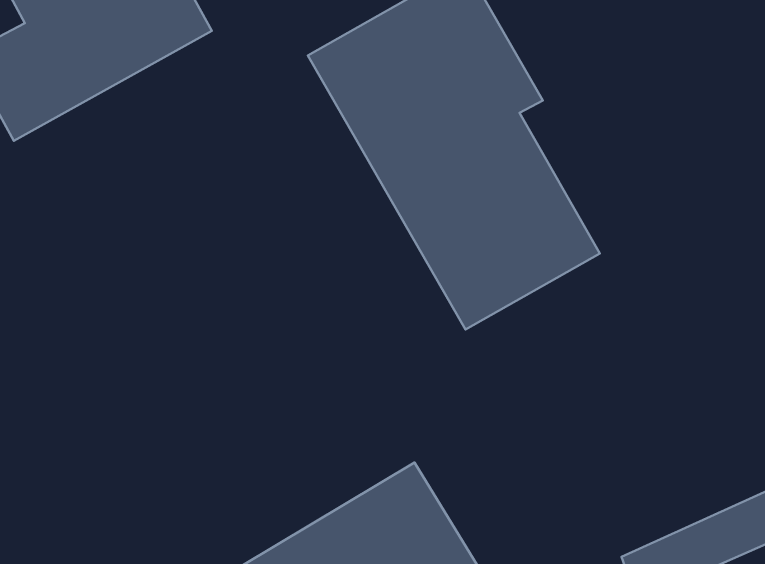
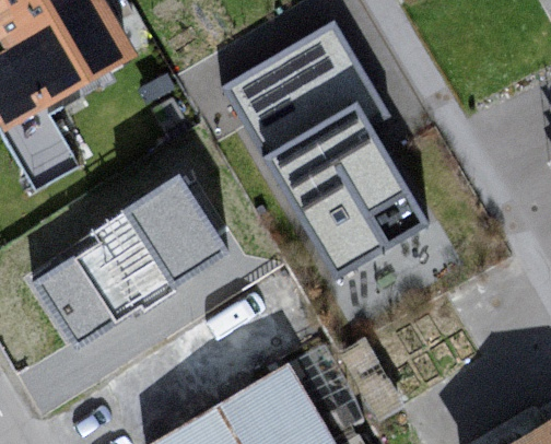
building: none -> [23,174,226,350]

